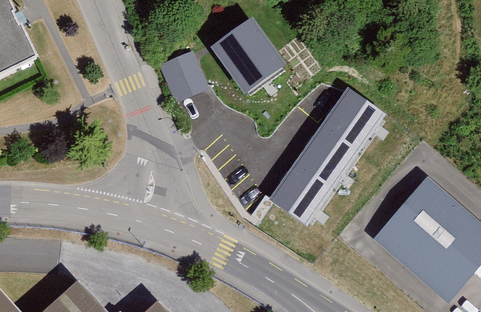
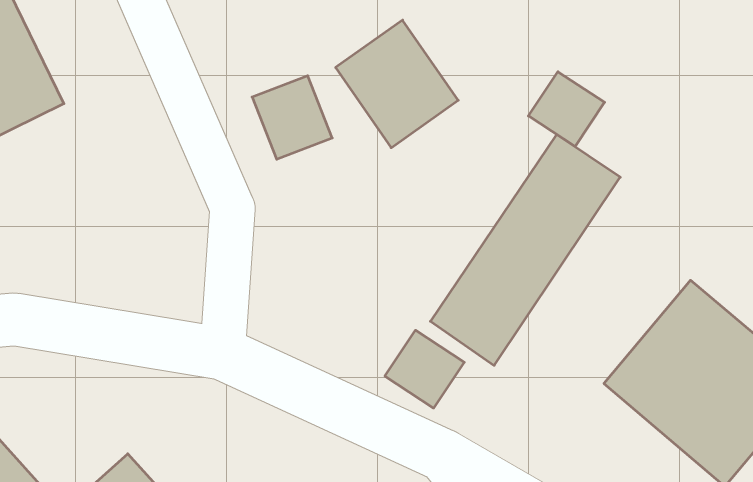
building: none -> [528,72,605,146]
building: none -> [385,330,464,408]

